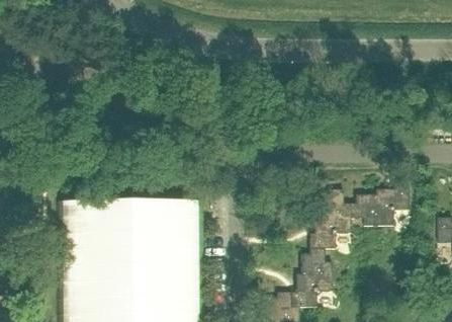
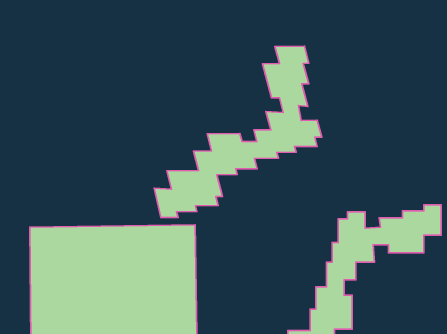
building: none -> [154,46,322,218]

